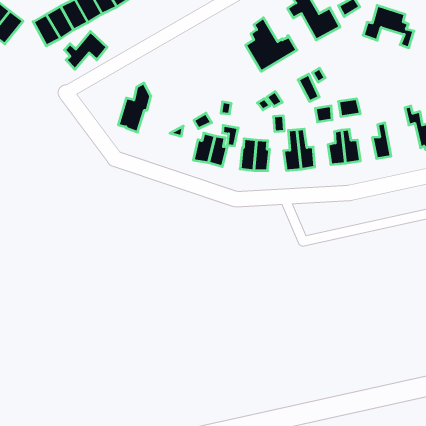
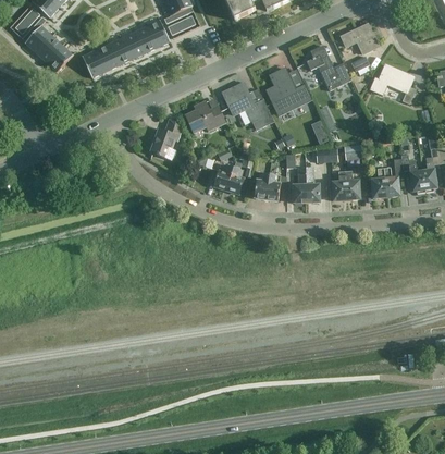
building: [64,31,107,69] -> none
building: none -> [223,83,275,131]
building: none -> [185,101,226,133]
building: none -> [383,158,403,197]

